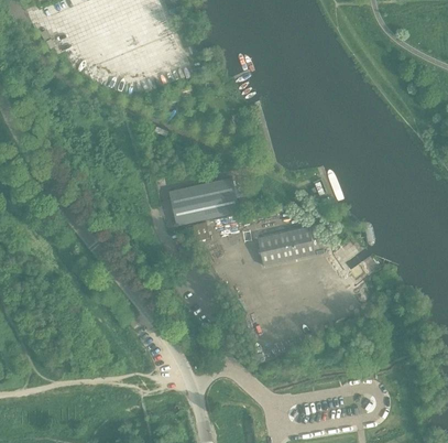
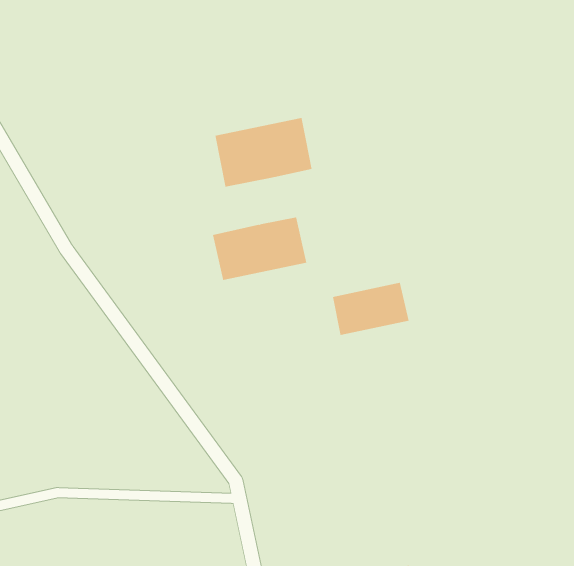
building: none -> [215,117,312,188]

